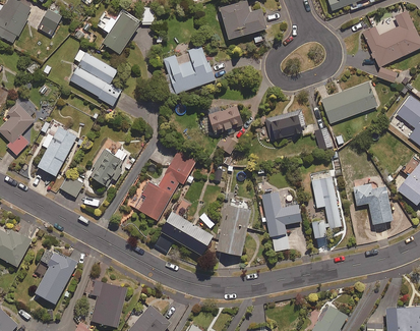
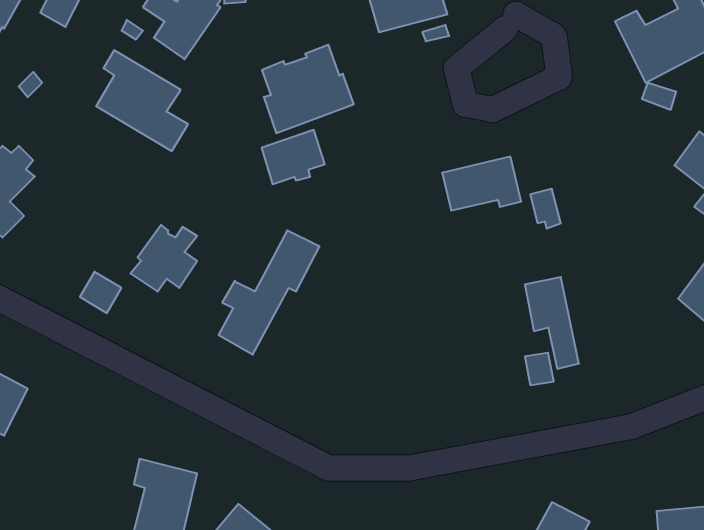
building: [321,81,377,123] -> none
building: [207,105,243,135] -> [262,130,325,184]
building: [37,126,77,176] -> none
building: [353,183,393,224] -> none
building: [260,190,303,252] -> none
building: [216,204,250,256] -> none
building: [161,212,213,255] -> none
building: [35,250,77,305] -> none

